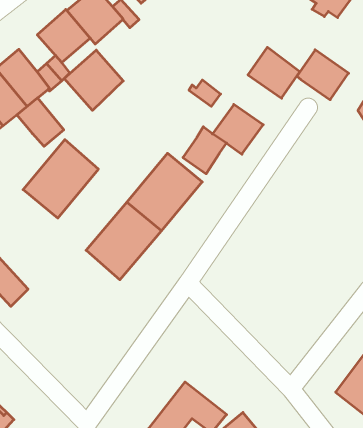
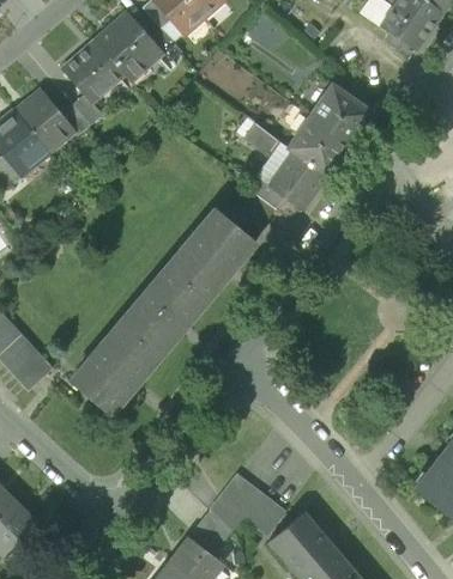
building: [297,50,349,100] -> [289,117,350,176]
building: [64,50,123,110] -> none
building: [17,98,64,146] -> none
building: [23,140,98,218] -> [71,323,159,415]

